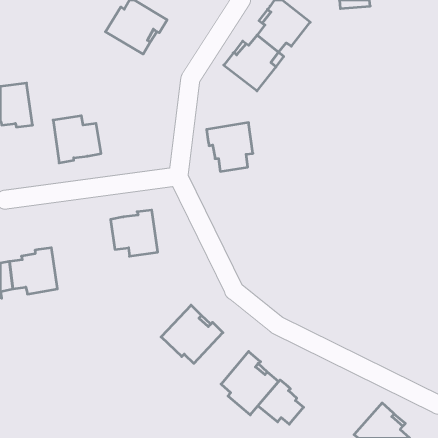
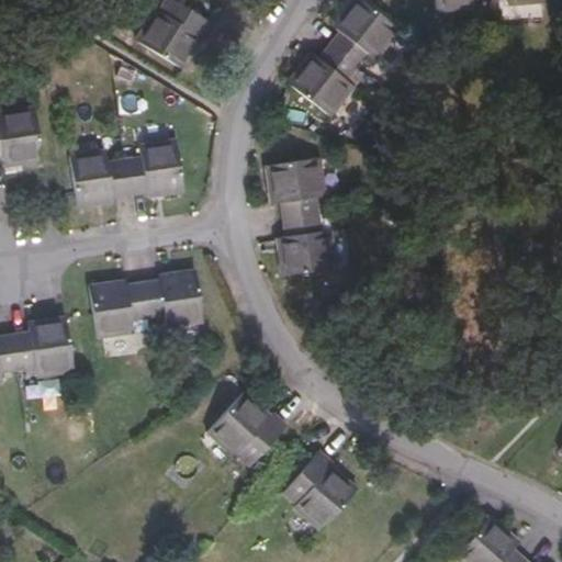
building: none -> [123,138,183,196]
building: none -> [278,214,335,276]
building: none -> [88,281,147,339]
building: [258,380,304,424] -> none

